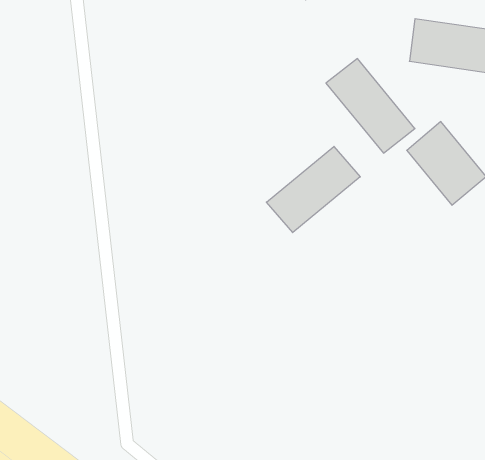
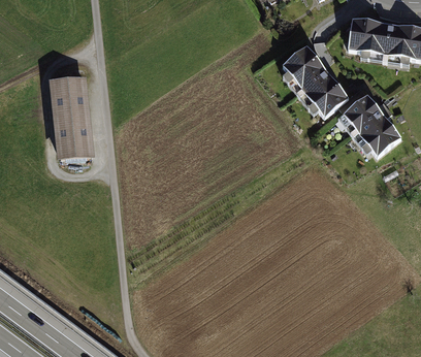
building: none -> [47,75,93,159]
building: [266,146,360,233] -> none

